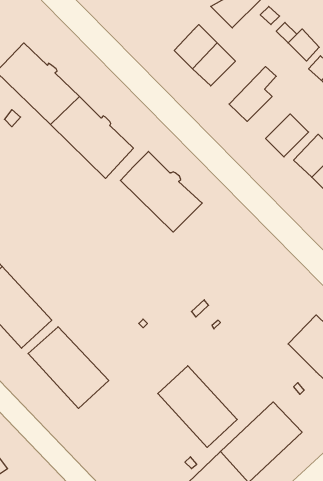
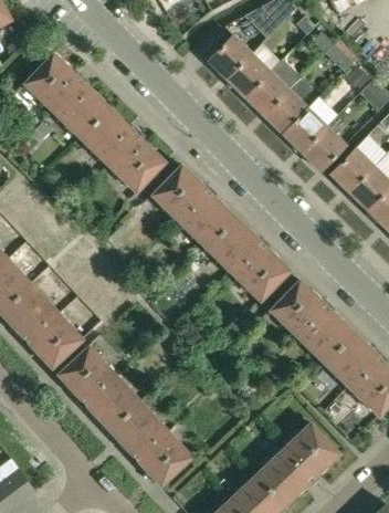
building: none -> [245,60,302,117]
building: none -> [283,109,327,153]
building: none -> [207,219,290,301]
building: none -> [271,281,354,364]
building: [158,366,237,447] -> [109,401,191,485]

